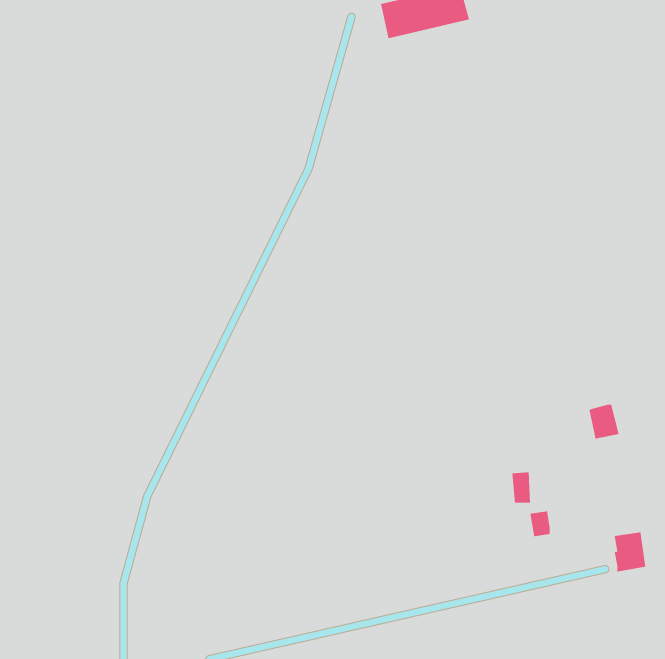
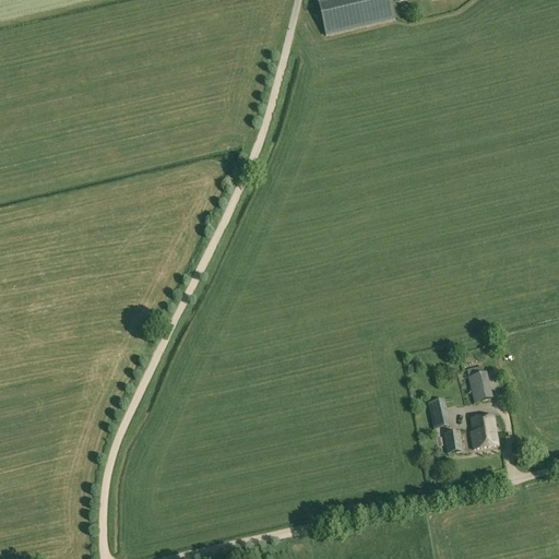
building: [588,404,620,439] -> [467,370,493,400]
building: [614,532,646,572] -> [471,413,498,447]

